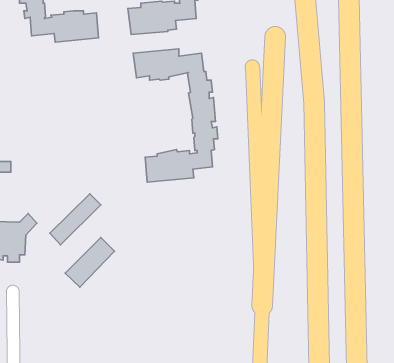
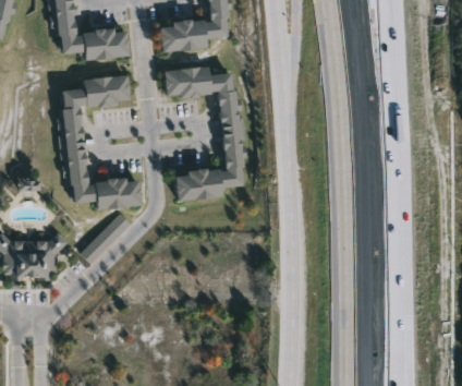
building: none -> [56,75,141,209]
building: [65,237,114,287] -> none

